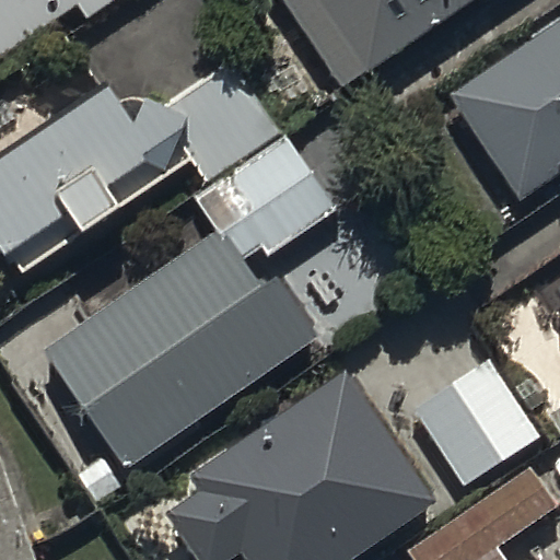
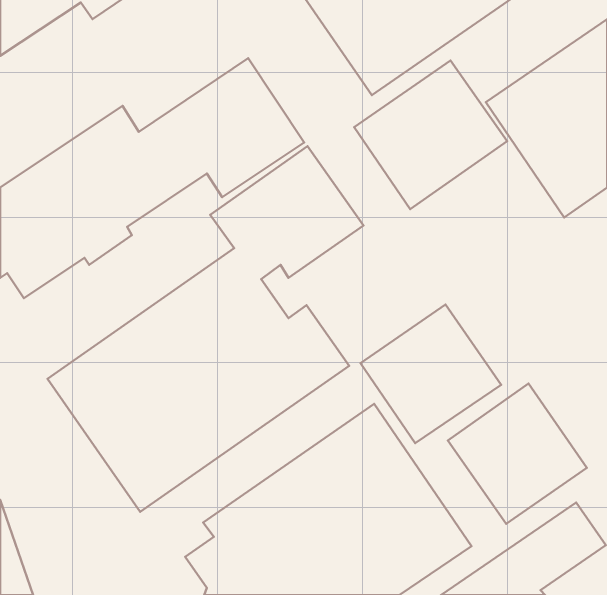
building: none -> [354,60,507,209]
building: none -> [361,305,501,443]

